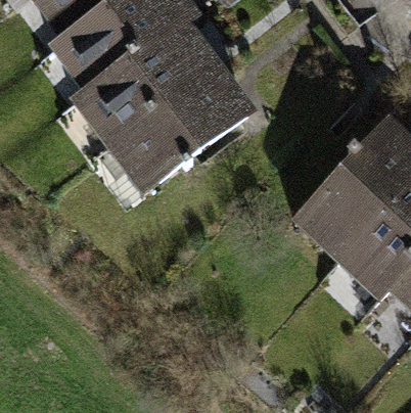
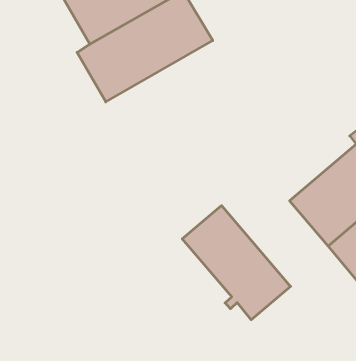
building: [115,71,243,186] -> none
building: none -> [182,206,291,320]

